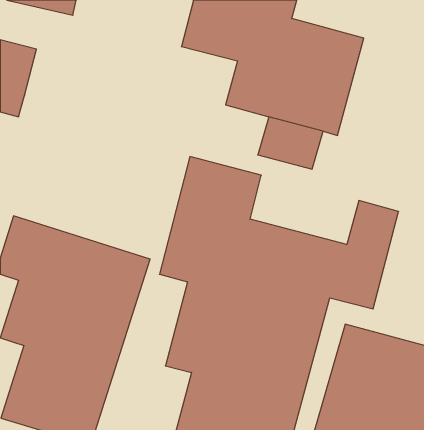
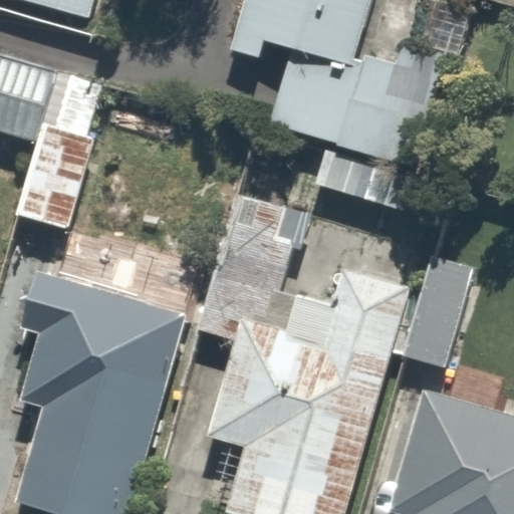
building: none -> [15,116,104,232]

